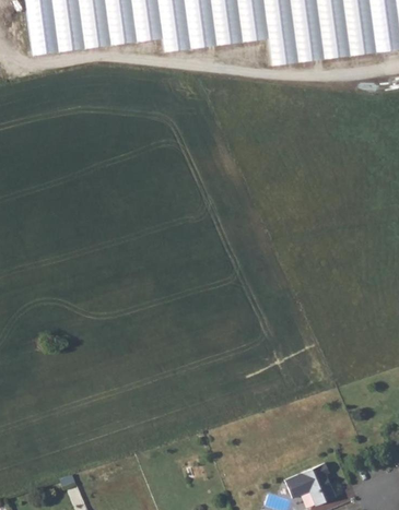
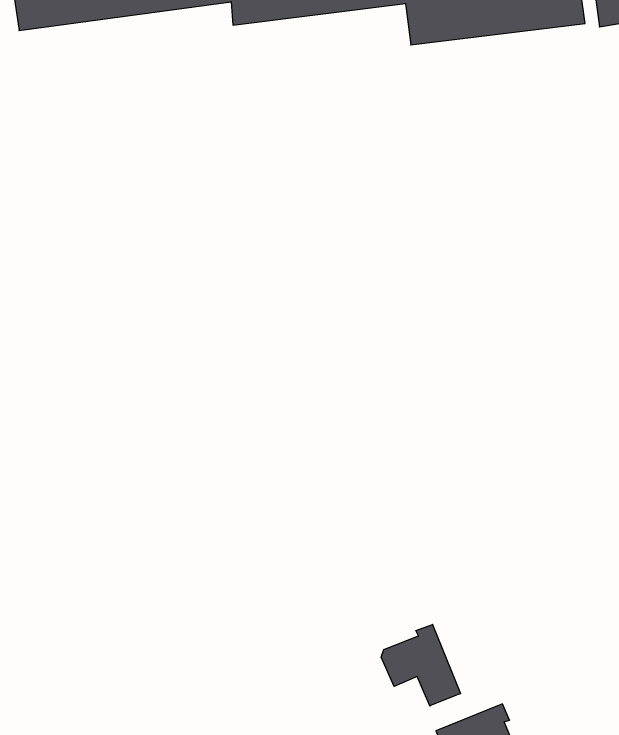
building: none -> [381,624,461,706]

